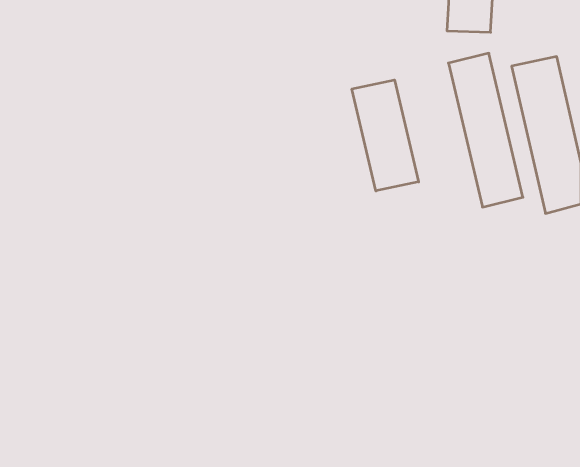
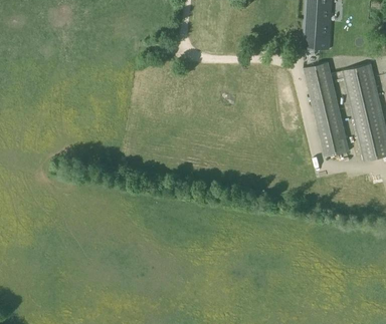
building: [352,80,419,191] -> none

